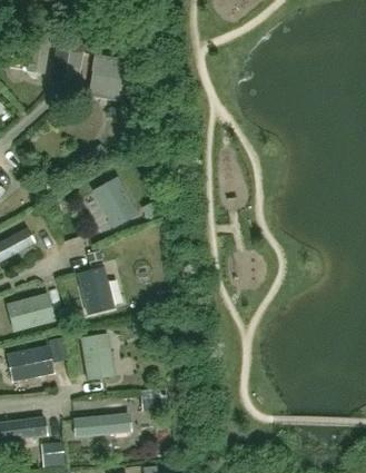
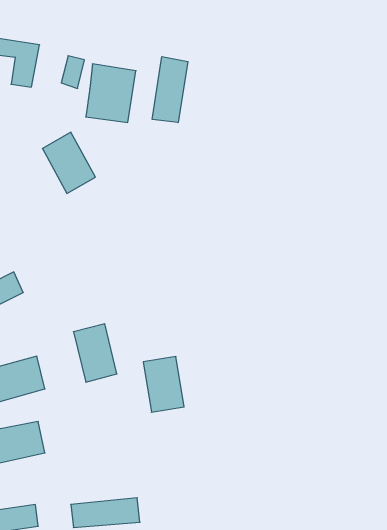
building: none -> [152,57,188,123]
building: [92,179,136,229] -> [42,132,95,193]
building: [80,335,113,381] -> [143,357,184,412]

